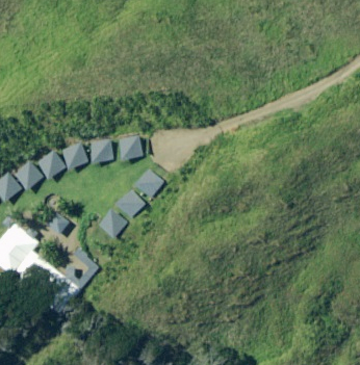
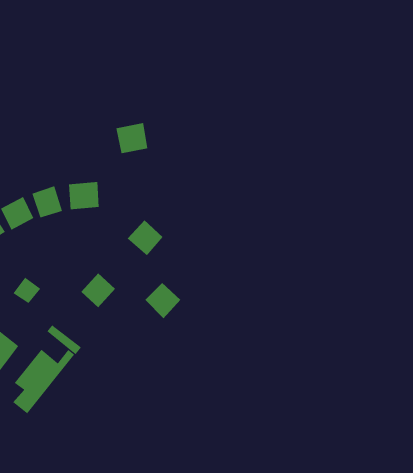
building: [118,135,143,159] -> [115,123,148,154]
building: [117,189,145,217] -> [144,282,181,319]

